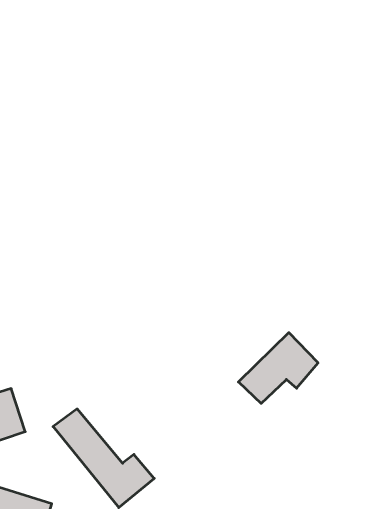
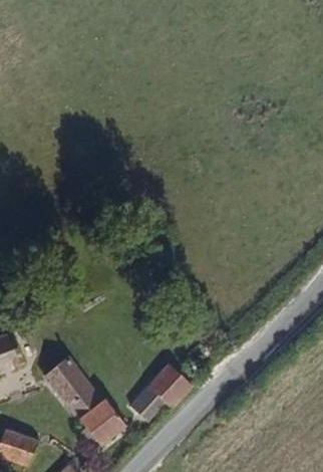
building: [238,333,318,403] -> [127,362,191,418]

